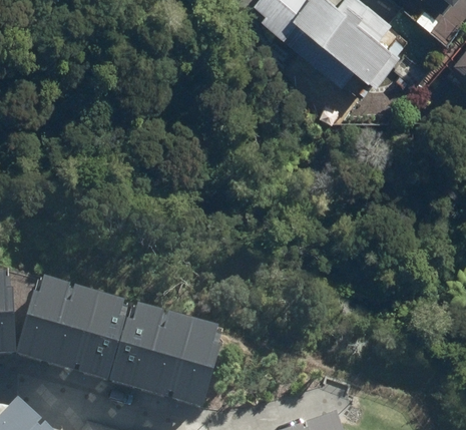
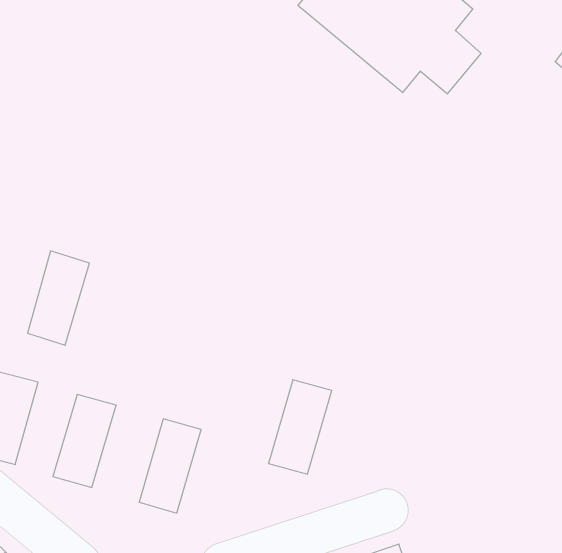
building: [48,300,94,370] -> [28,251,89,345]
building: [111,318,158,389] -> none
building: [168,335,215,405] -> [268,380,332,474]

